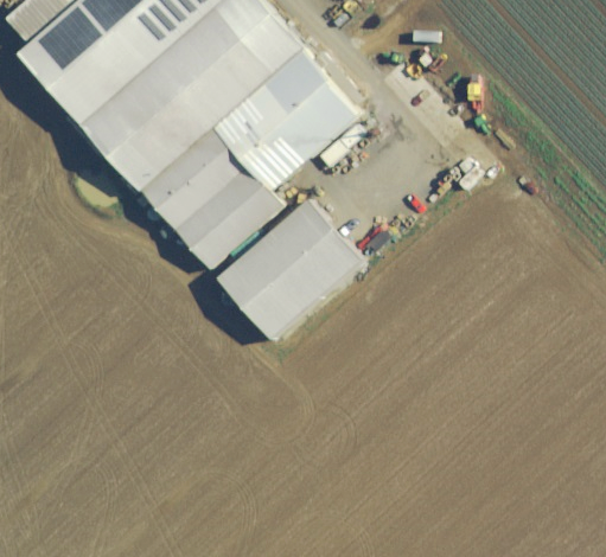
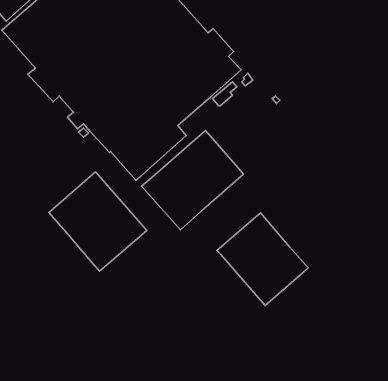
building: none -> [49,172,147,271]
building: none -> [217,213,308,305]

